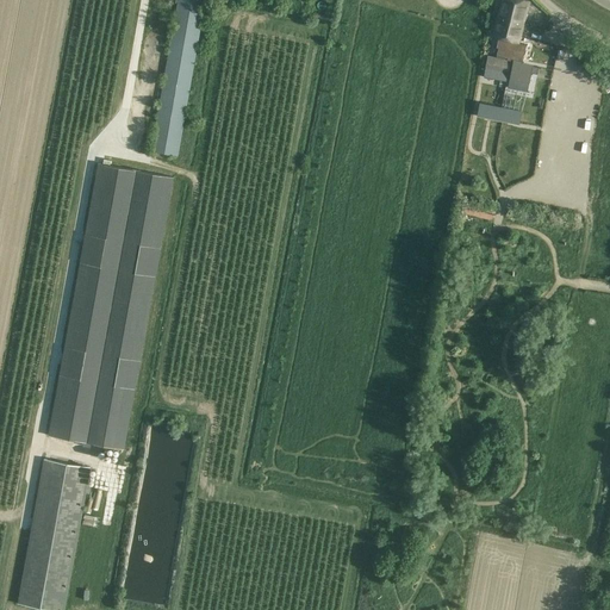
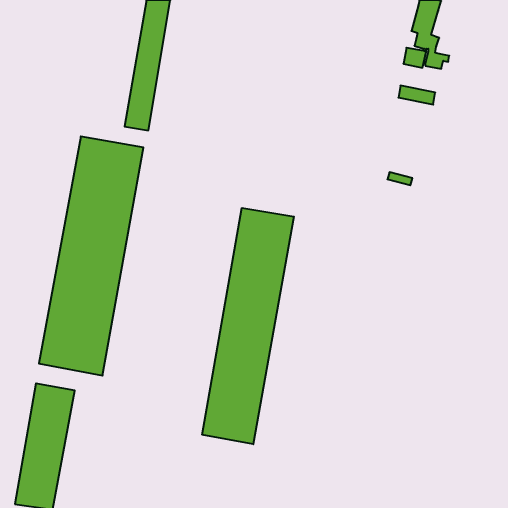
building: none -> [202,208,294,444]

